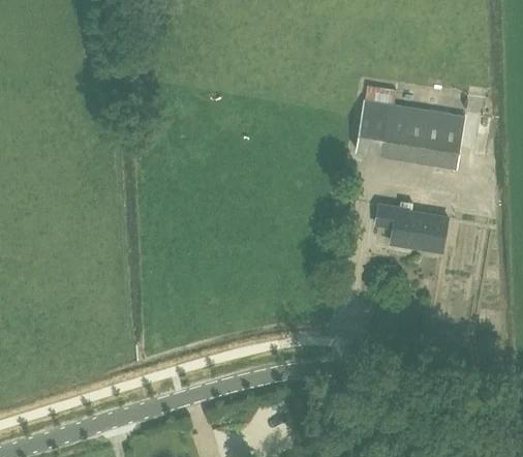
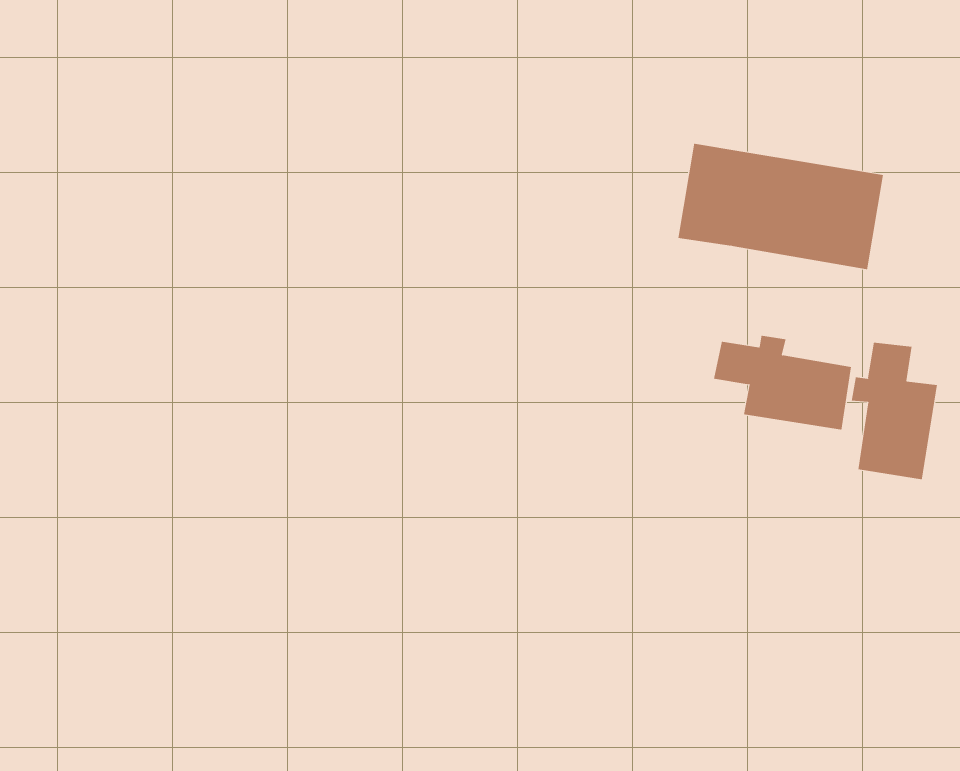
building: none -> [851,342,937,480]

